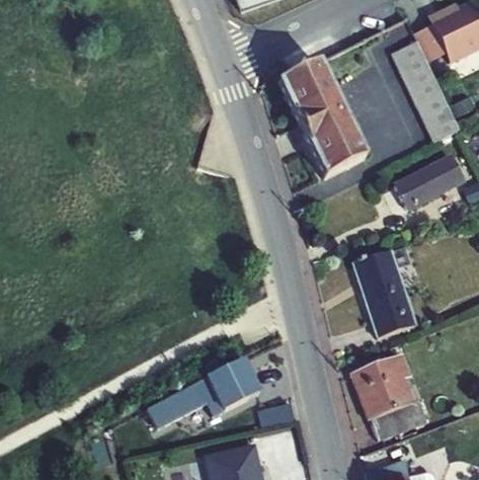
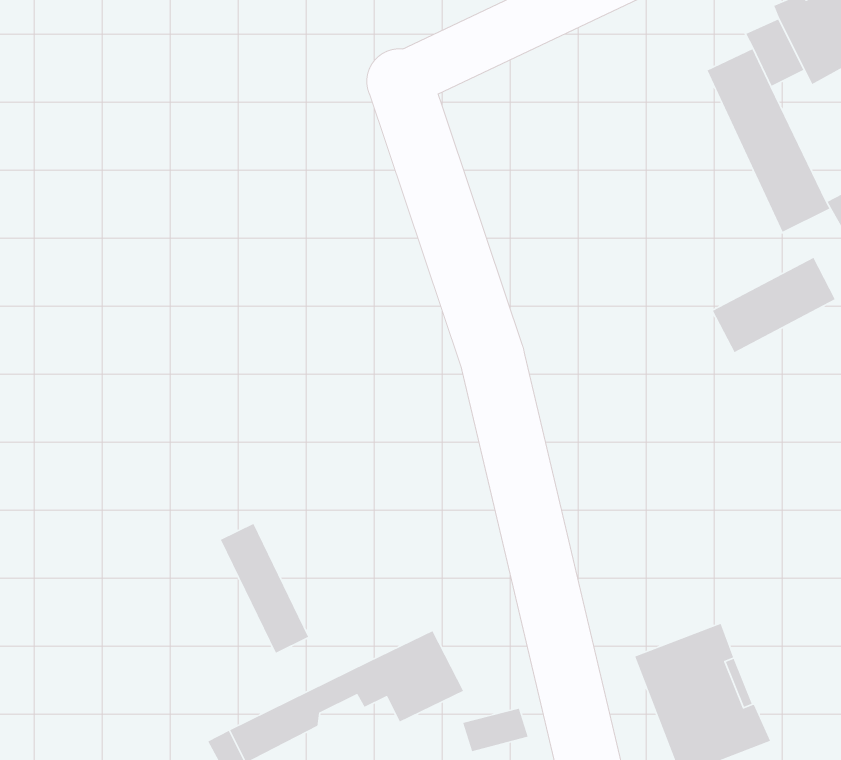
building: [277,61,366,176] -> none
building: [353,247,414,337] -> none
building: none -> [220,523,309,654]

